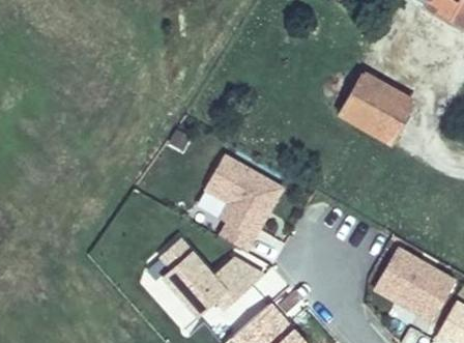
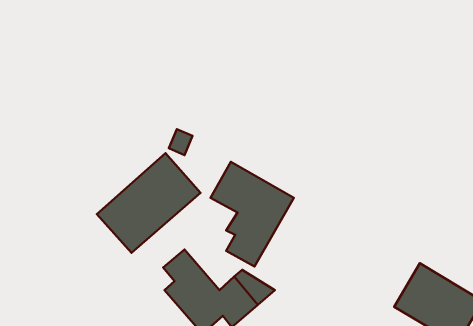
building: [340,58,416,130] -> none
building: none -> [97,153,200,253]

